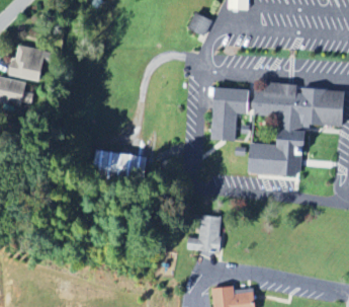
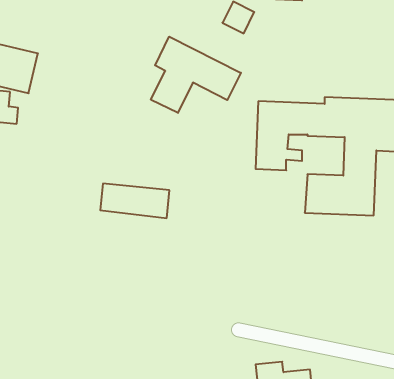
building: none -> [151,37,241,113]
building: [188,215,222,250] -> none

